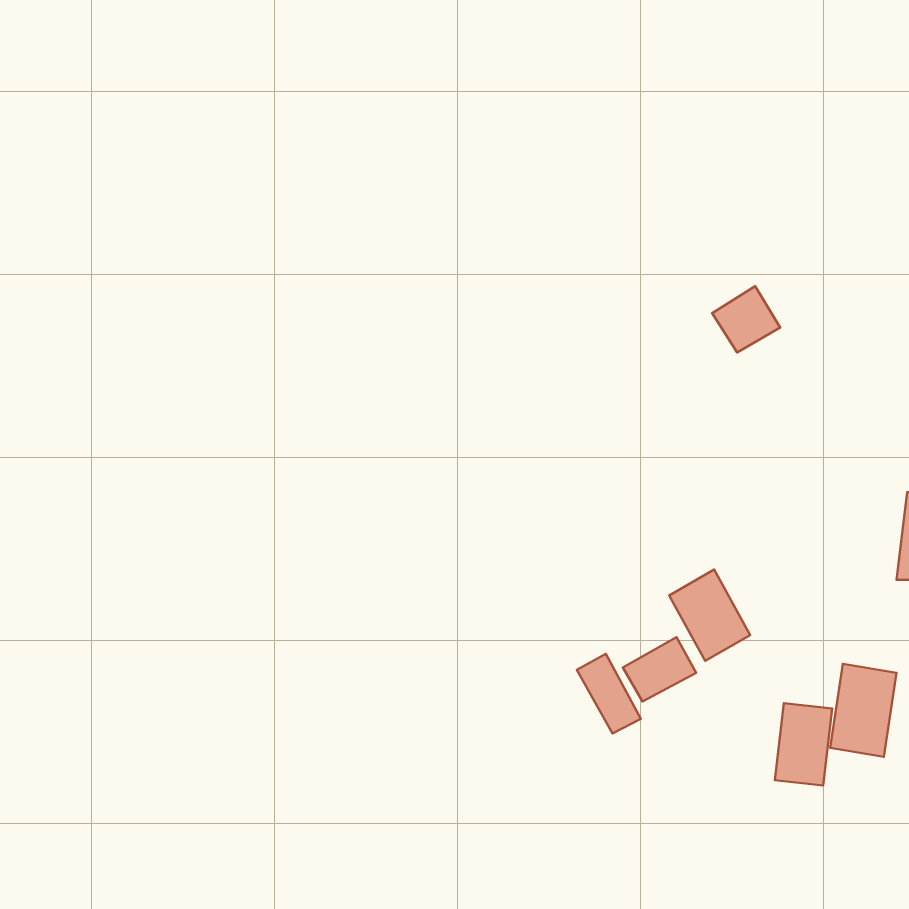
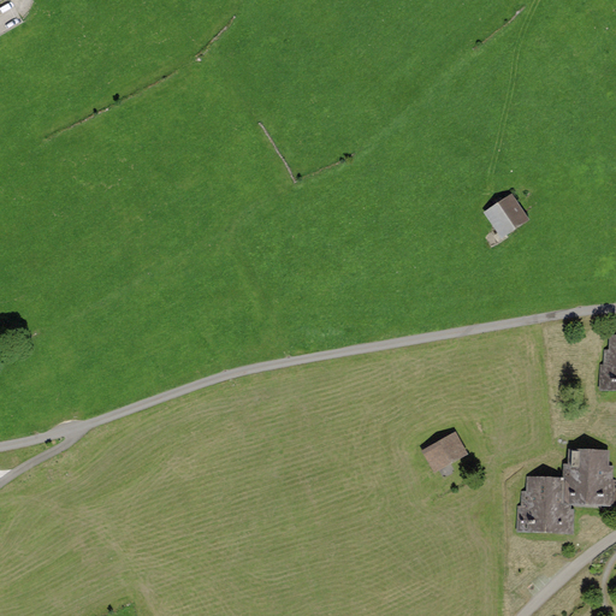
building: [669,570,750,661] -> none
building: [577,654,641,733] -> none

